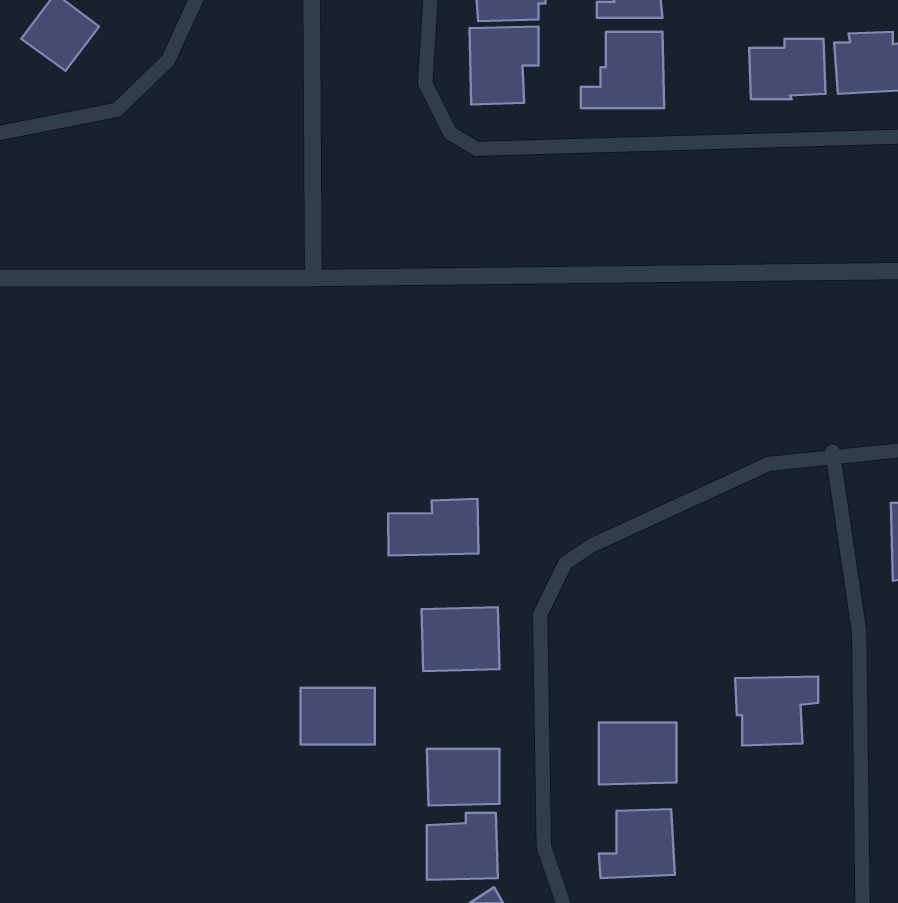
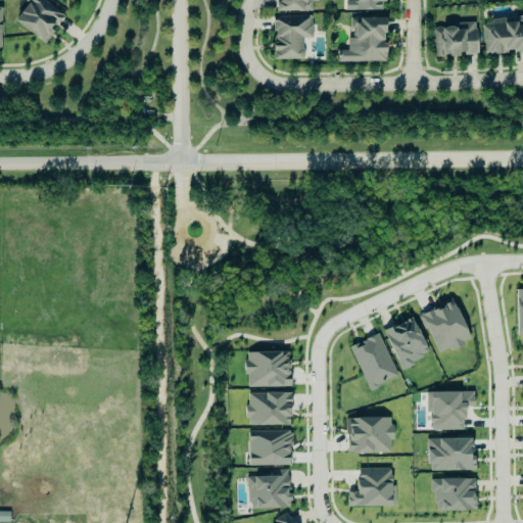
building: [388,499,478,556] -> none
building: none -> [422,298,473,353]
building: none -> [385,317,432,368]
building: none -> [351,332,400,389]
building: [301,688,375,744] -> [249,392,292,425]
building: none -> [429,437,475,471]
building: none -> [435,478,477,511]

